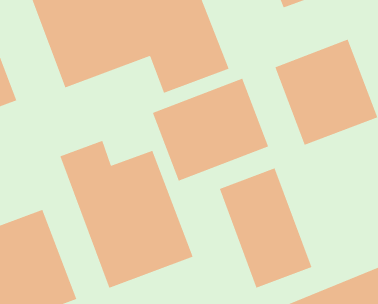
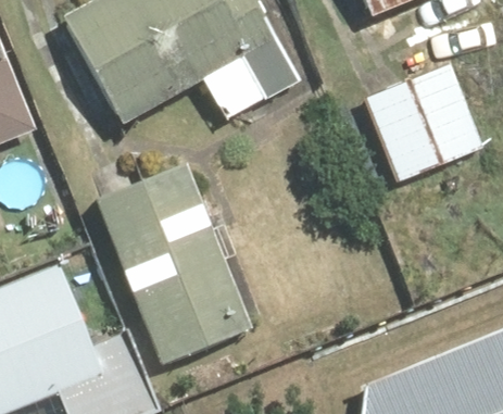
building: [152,78,269,182] -> none
building: [219,168,312,288] -> none

